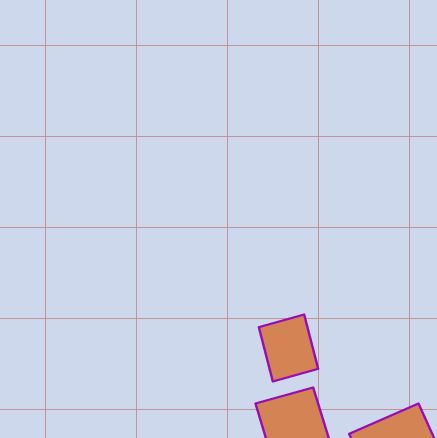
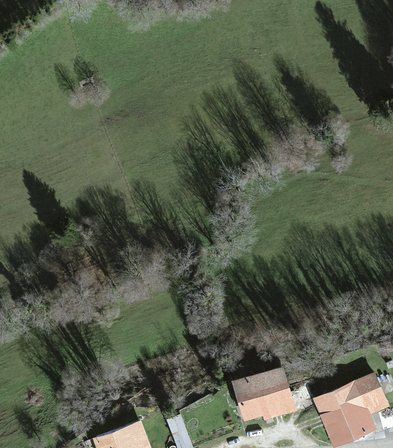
building: [259,315,318,381] -> none

